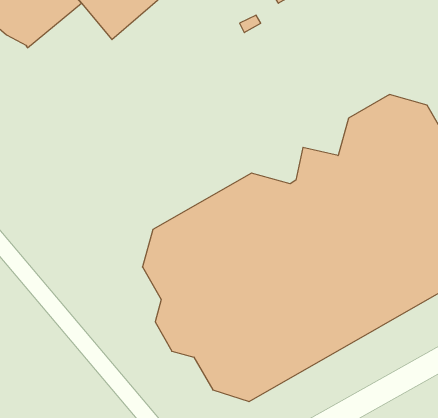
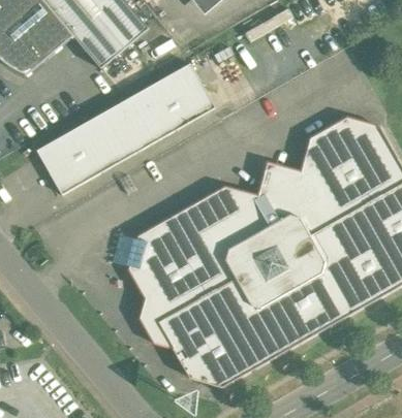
building: none -> [37,63,216,194]

